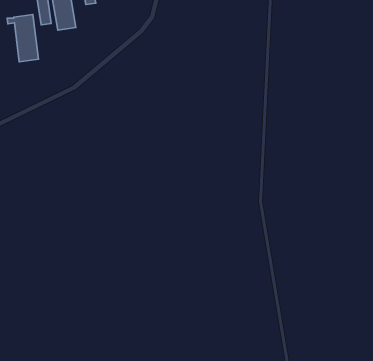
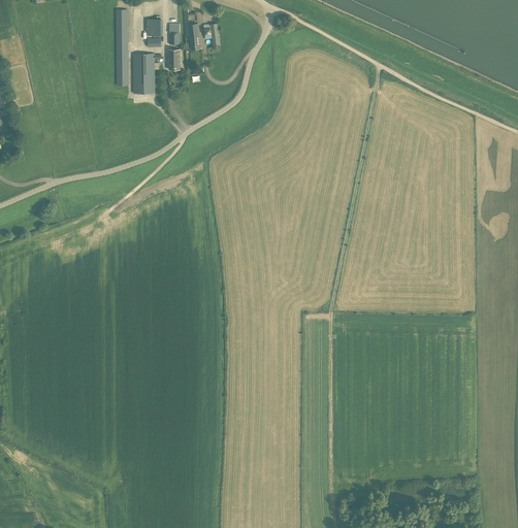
building: [7,14,38,62] -> none

